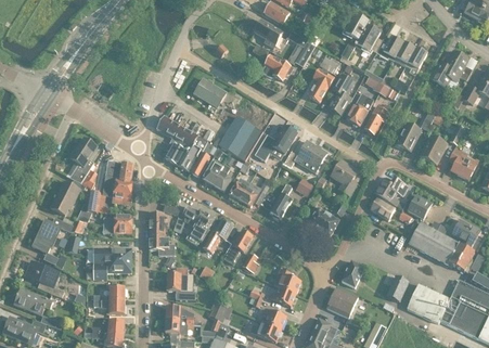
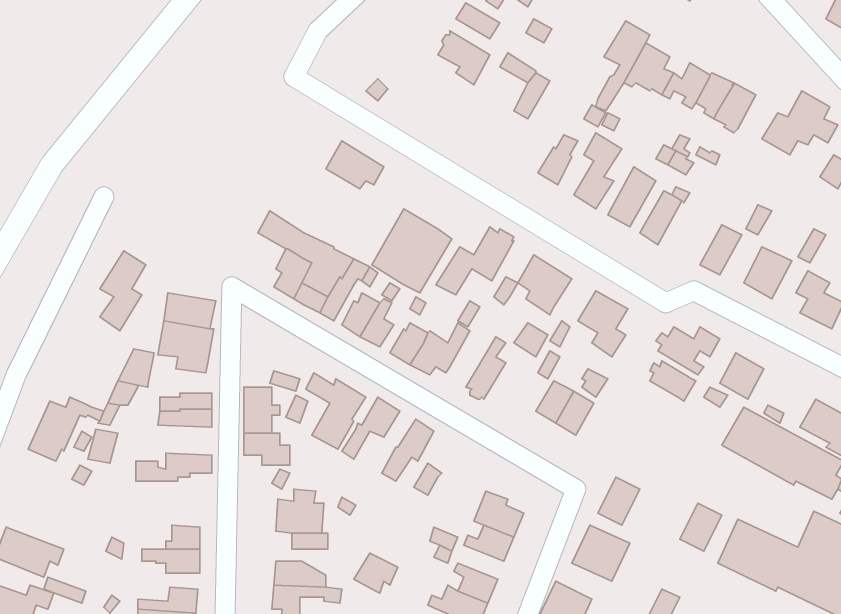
building: [262,54,293,80] -> none
building: [51,179,86,214] -> none
building: [91,258,132,279] -> none
building: [26,260,65,296] -> none

